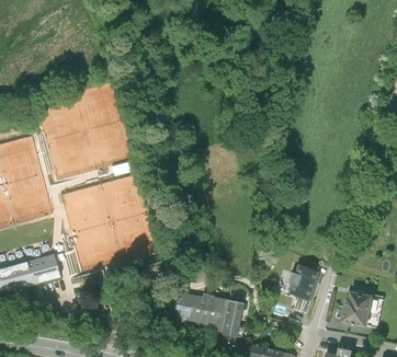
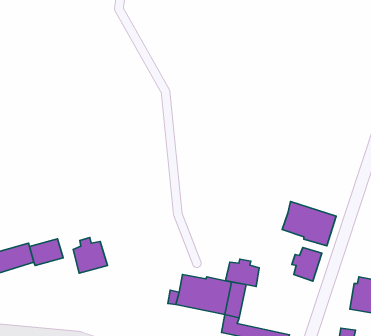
building: none -> [282,202,336,246]
building: none -> [73,238,107,273]
building: none -> [226,259,259,287]

